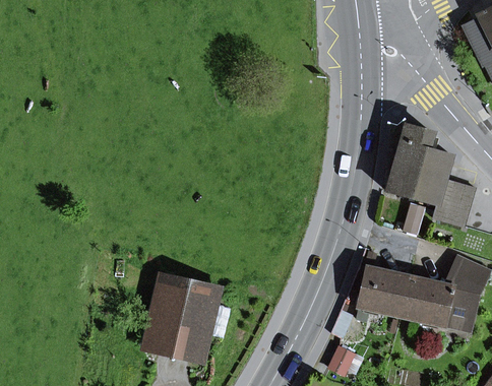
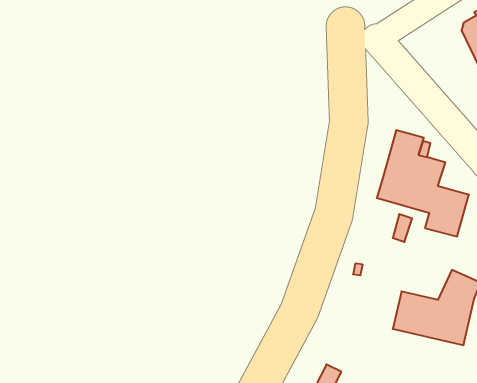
building: [359,268,410,313] -> none
building: [153,277,209,357] -> none

